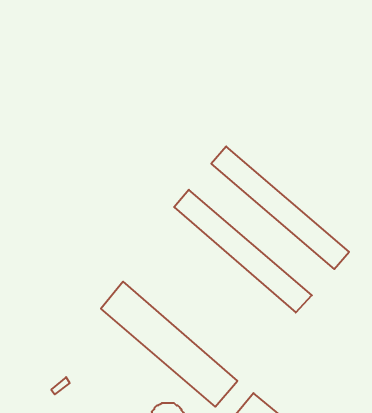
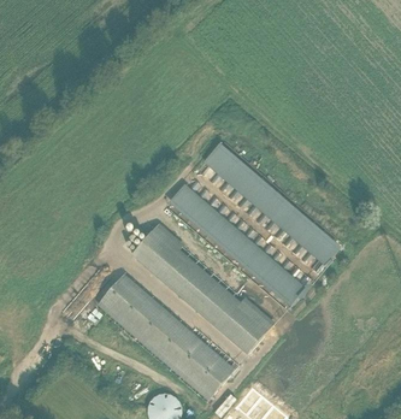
building: none -> [131,223,272,353]

